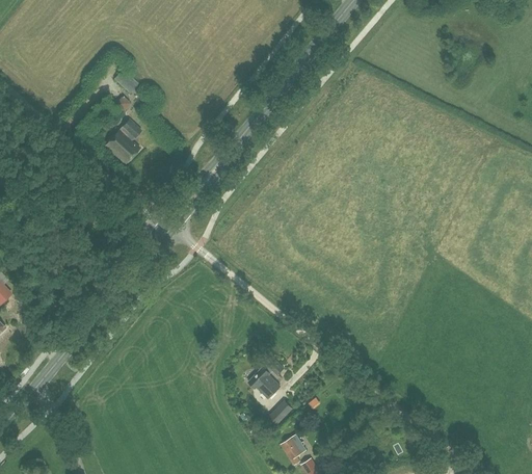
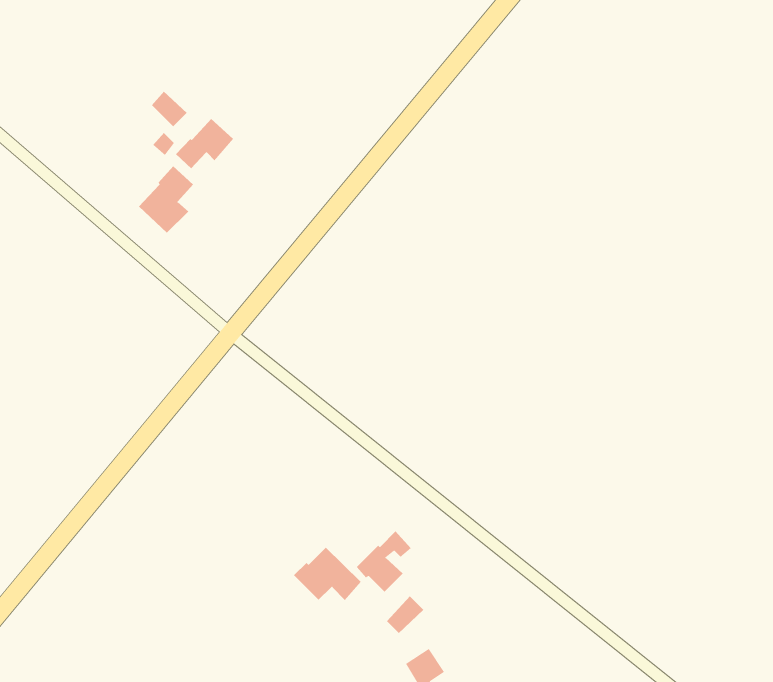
building: none -> [175,118,234,169]
building: none -> [293,547,361,601]

